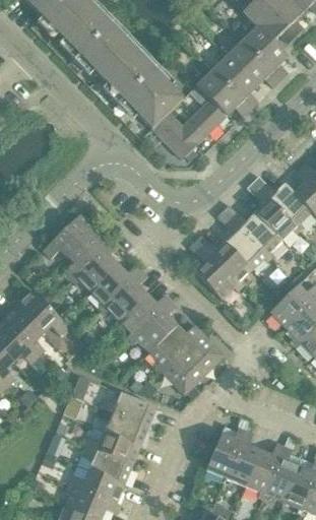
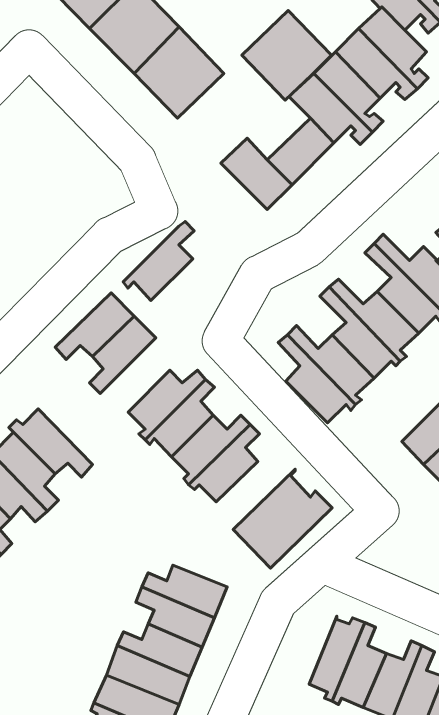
building: [124,69,183,128] -> [242,10,332,100]
building: [73,240,120,291] -> [123,222,194,300]
building: [149,323,201,369] -> none

